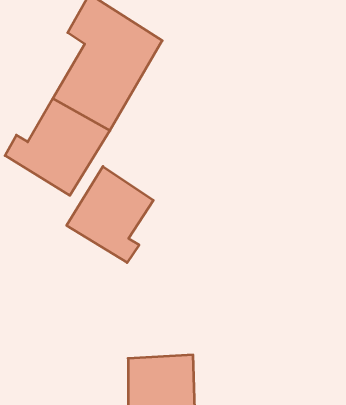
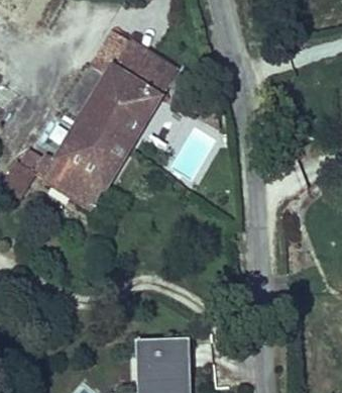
building: [67,166,153,263] -> none

